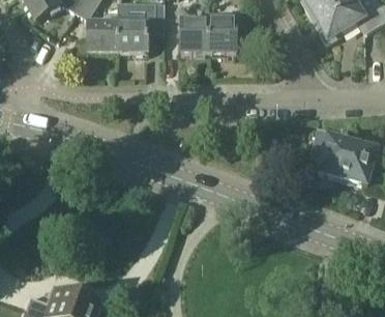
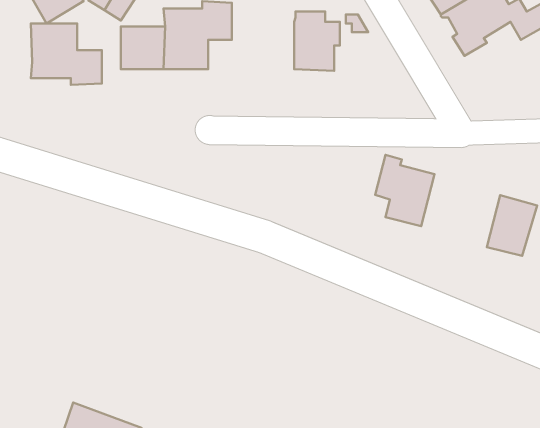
building: [181,16,209,53] -> none
building: none -> [31,23,102,85]
building: [310,127,352,177] -> [375,155,434,226]

